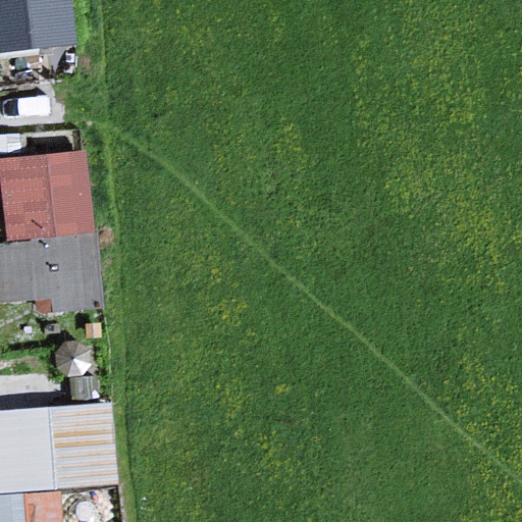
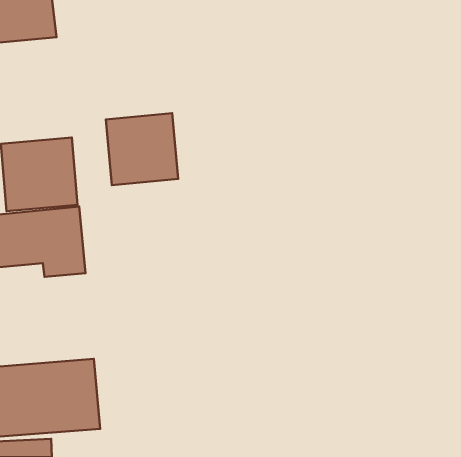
building: none -> [106,113,178,185]

